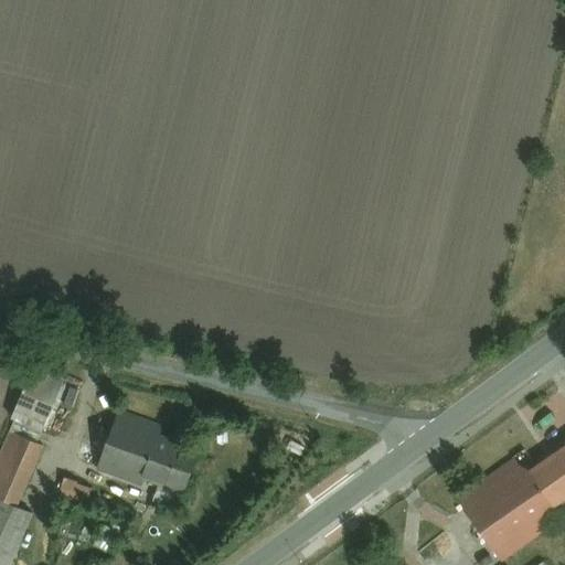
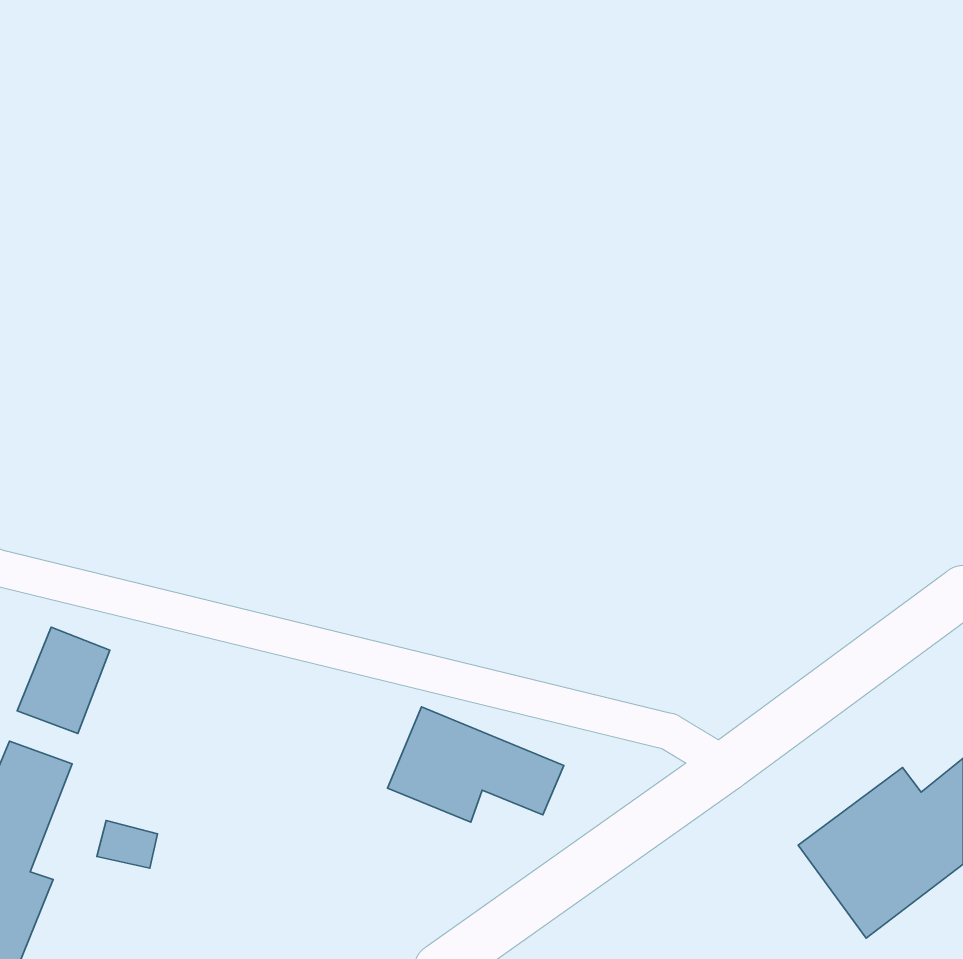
building: [94,419,196,487] -> [387,707,564,822]

